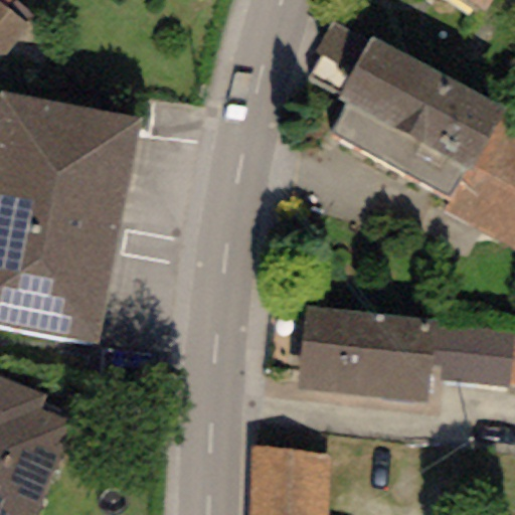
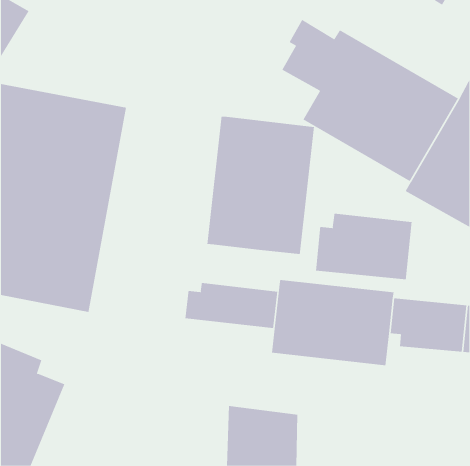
building: none -> [207,116,314,255]
building: none -> [316,213,412,280]
building: none -> [185,282,278,329]

